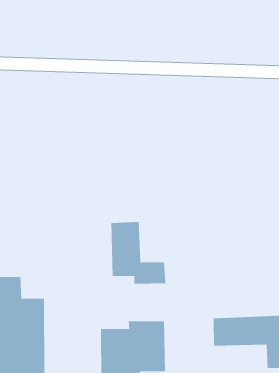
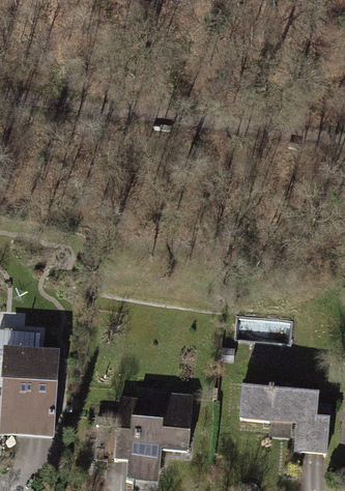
building: [111,221,166,284] -> none

